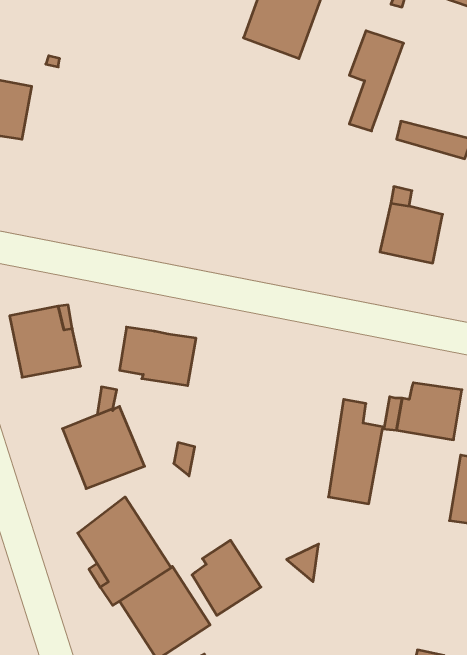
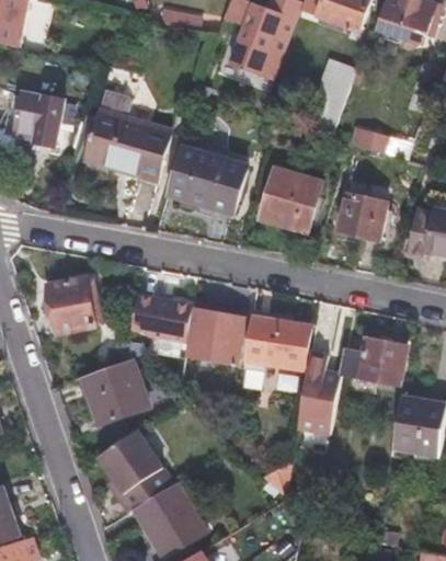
building: none -> [87,90,172,181]
building: none -> [168,148,247,215]
building: none -> [260,170,321,233]
building: none -> [187,308,242,364]
building: none -> [243,312,307,360]
building: [192,540,261,615] -> none

